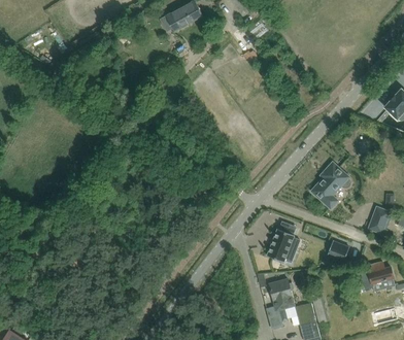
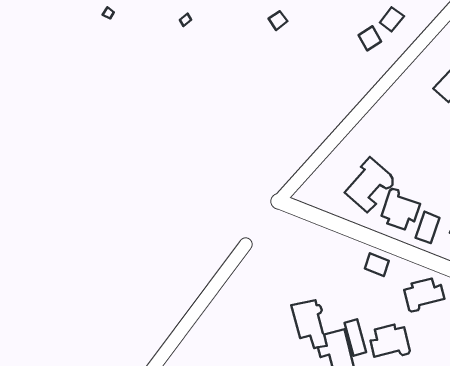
building: none -> [382,189,420,229]
building: [266,222,299,262] -> none
building: none -> [370,324,410,357]

